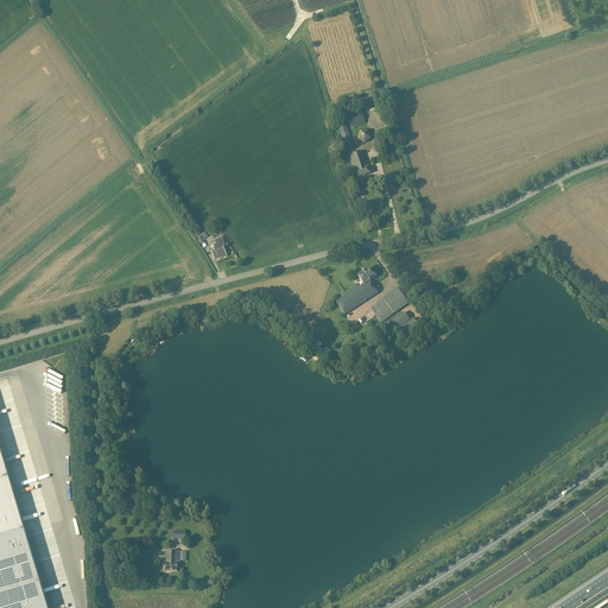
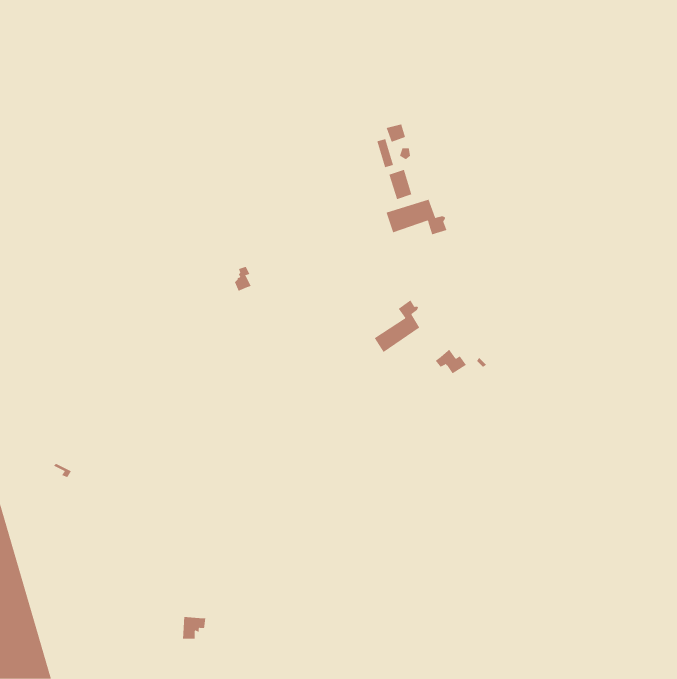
building: none -> [386,199,447,235]
building: [368,289,405,322] -> none

